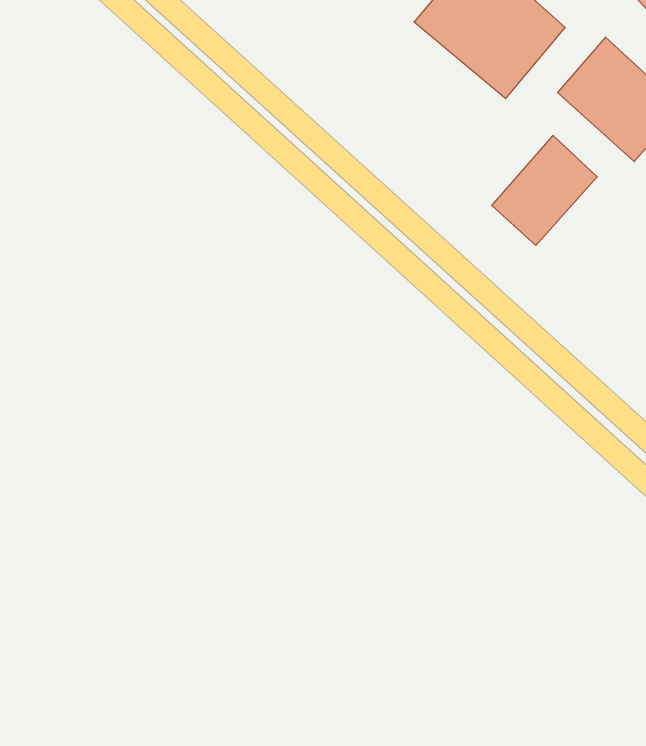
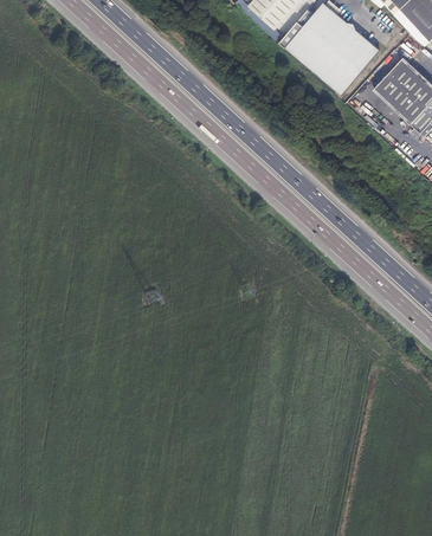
building: [492,135,597,245] -> none

